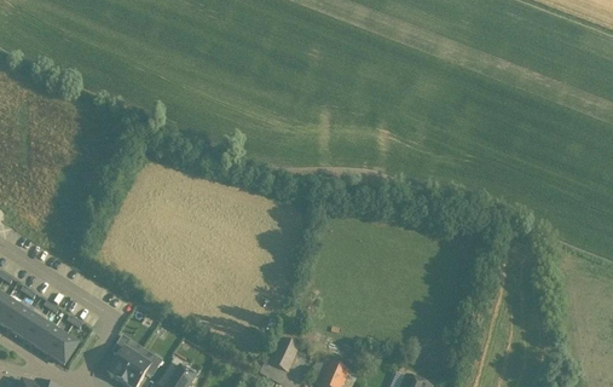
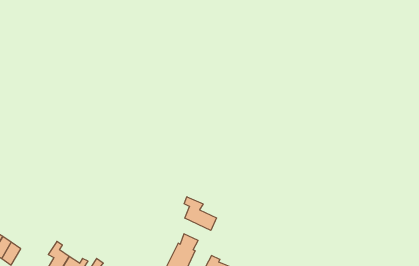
building: none -> [184,197,216,230]

